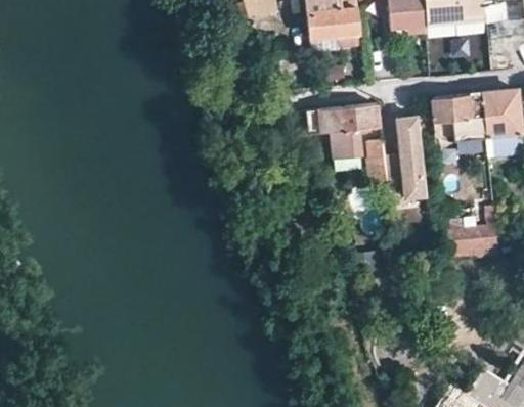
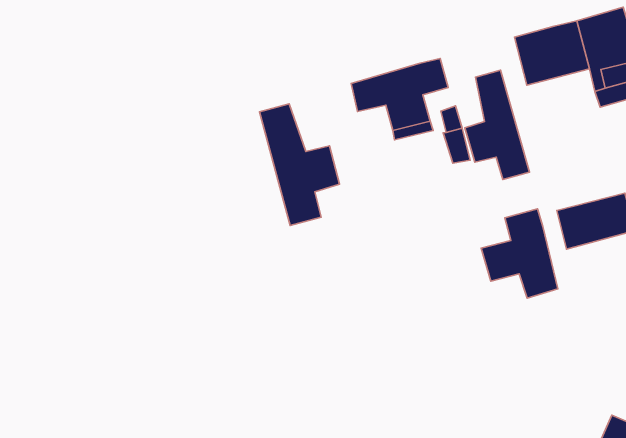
building: none -> [259,104,339,226]
building: none -> [481,209,558,298]

